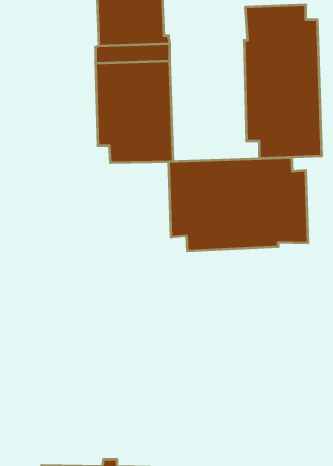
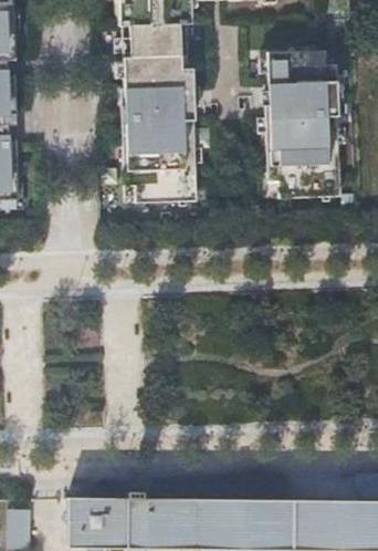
building: [169,158,308,251] -> none

